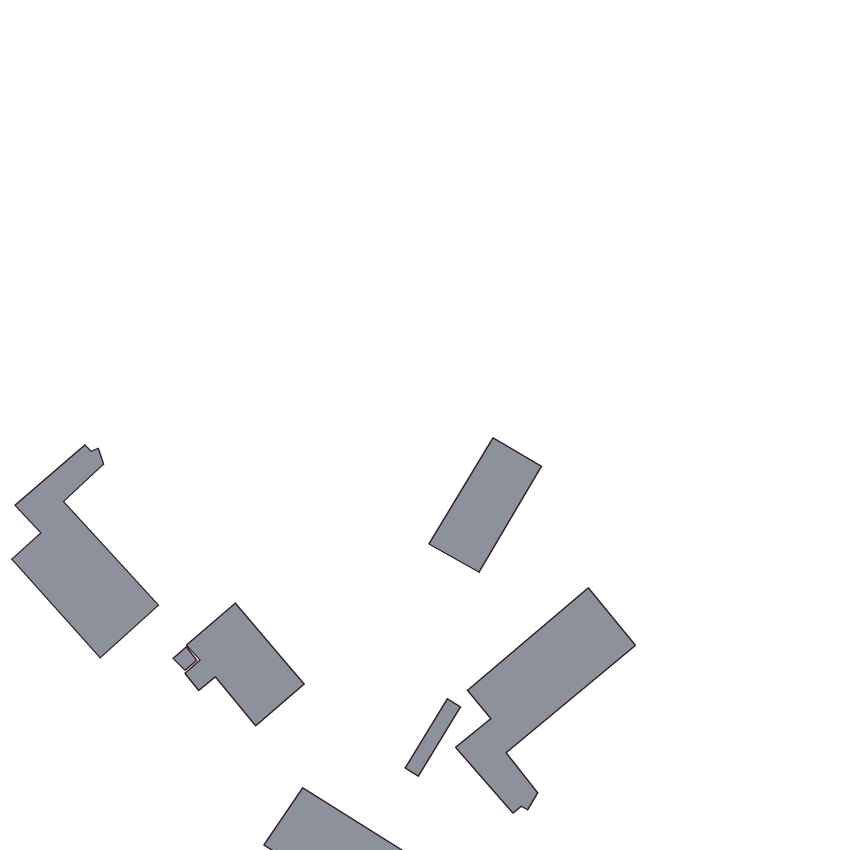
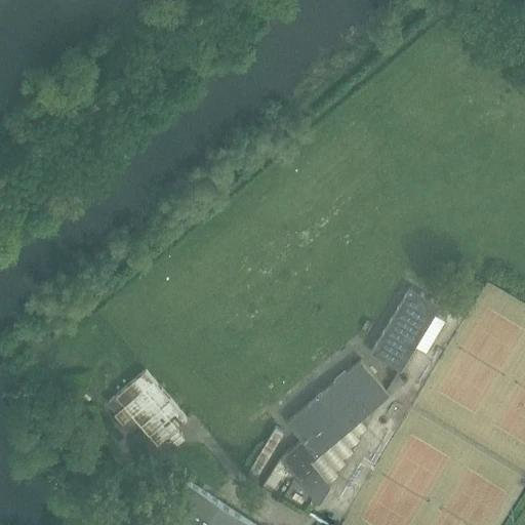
building: [429,438,542,572] -> [368,292,437,374]
building: [12,445,159,658] -> none

